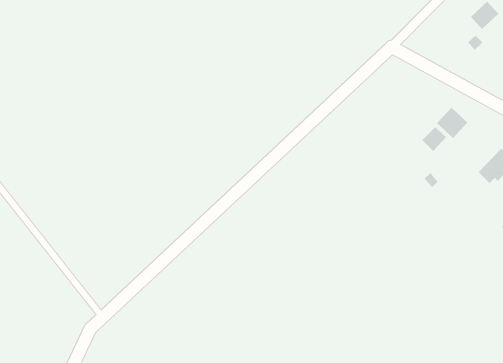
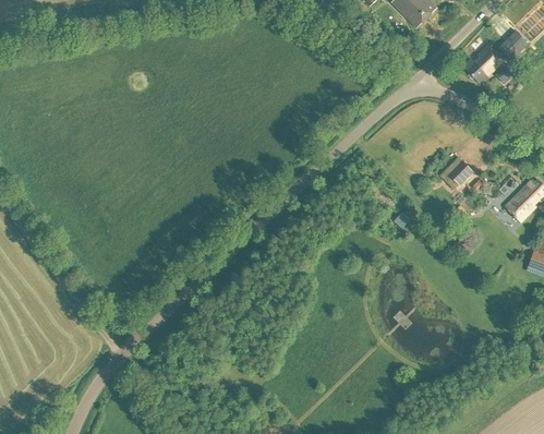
building: none -> [464,46,503,83]
building: [436,107,468,139] -> none

